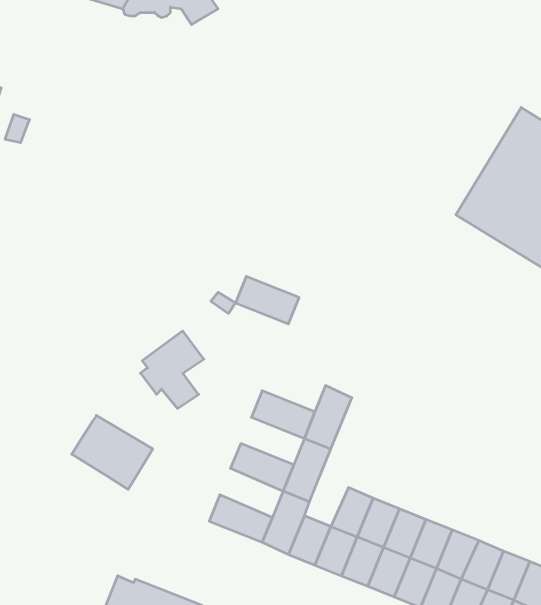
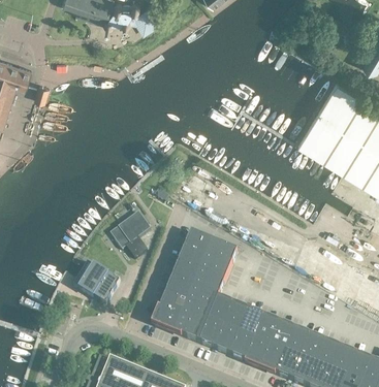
building: [236,276,299,324] -> [185,233,222,261]
building: none -> [172,264,210,292]
building: none -> [160,294,197,323]
building: none -> [210,298,235,328]

